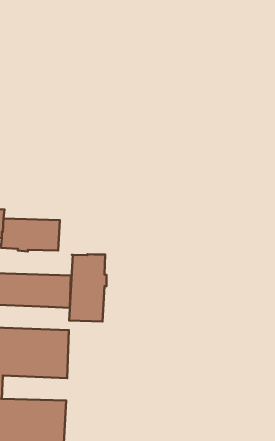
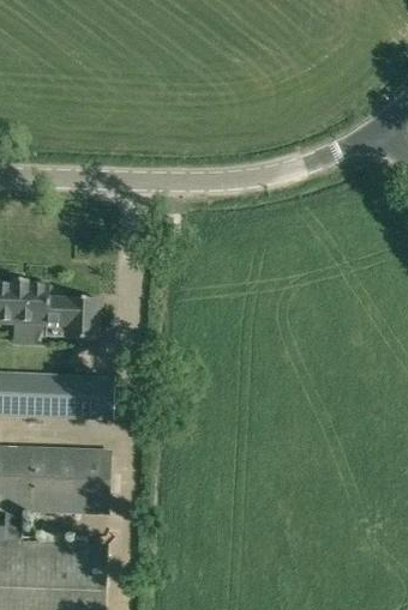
building: [69,254,107,322] -> none

